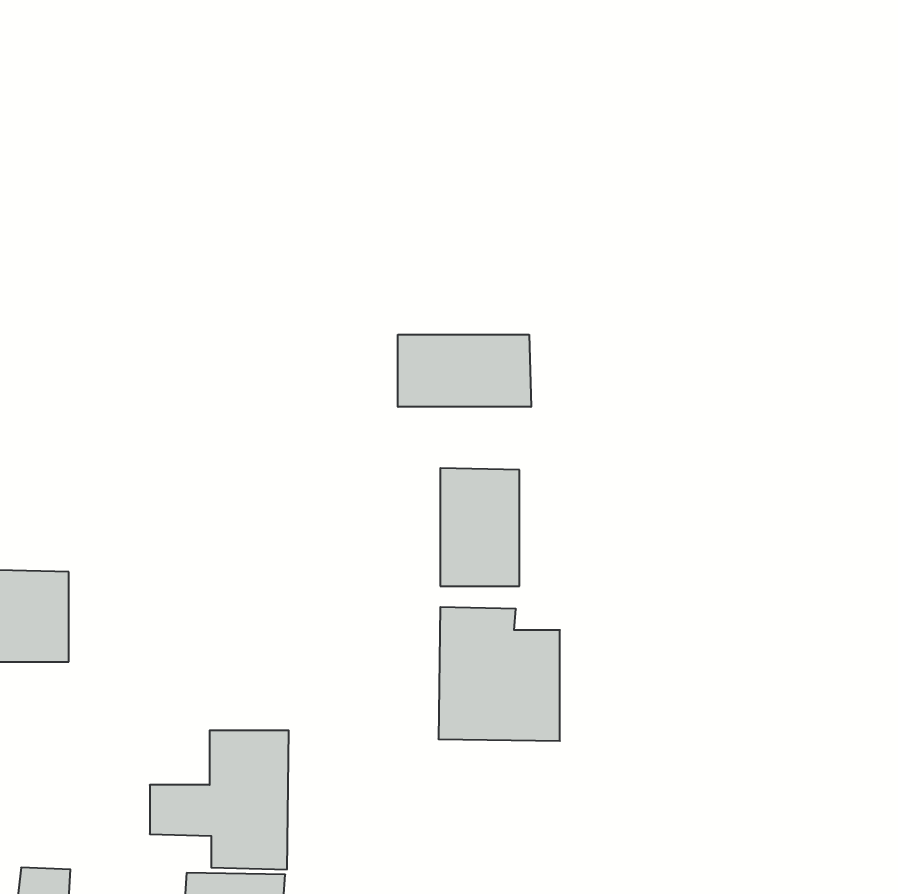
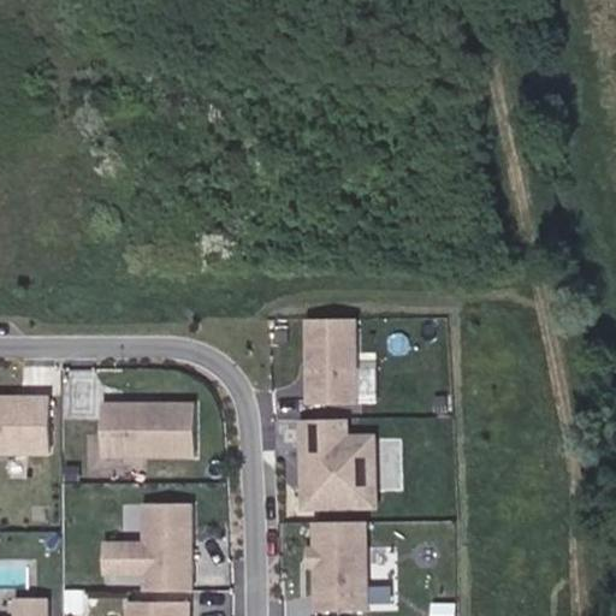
building: [398,335,531,407] -> none
building: none -> [99,401,196,460]
building: none -> [309,521,363,602]

